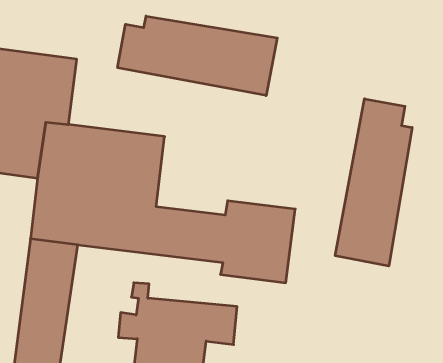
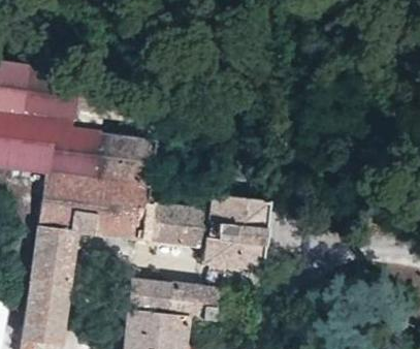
building: [118,16,277,96] -> none
building: [335,99,412,266] -> none

